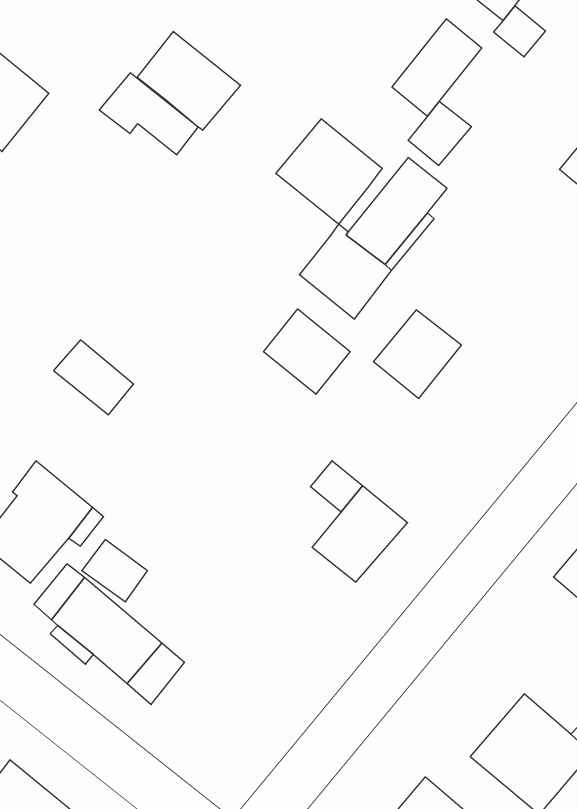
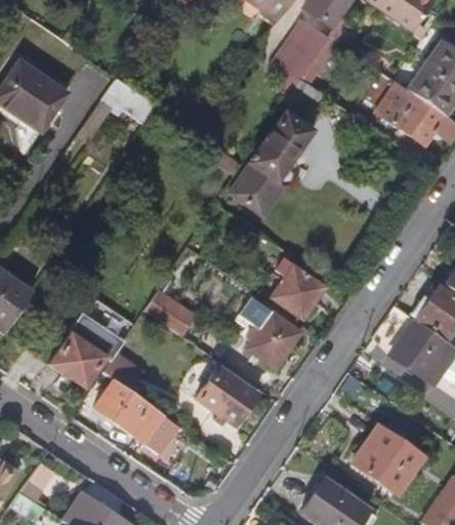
building: [137,31,241,130] -> none
building: [276,119,382,224] -> none
building: [264,309,350,394] -> none
building: [374,310,461,398] -> [279,271,330,323]
building: [54,340,134,415] -> [142,292,191,335]
building: none -> [200,369,258,423]

